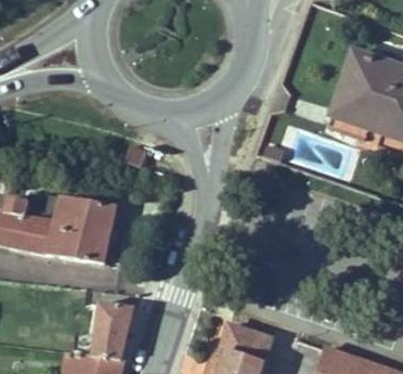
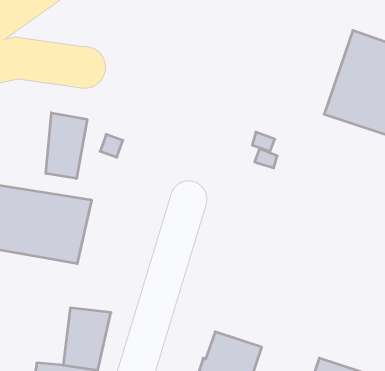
building: none -> [46,113,87,179]

